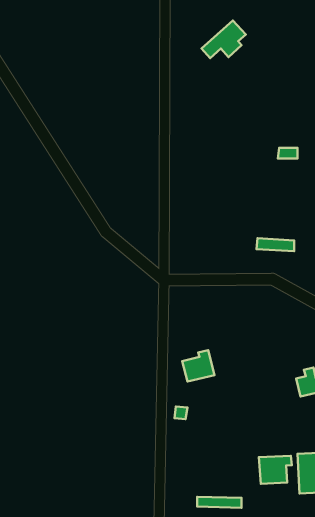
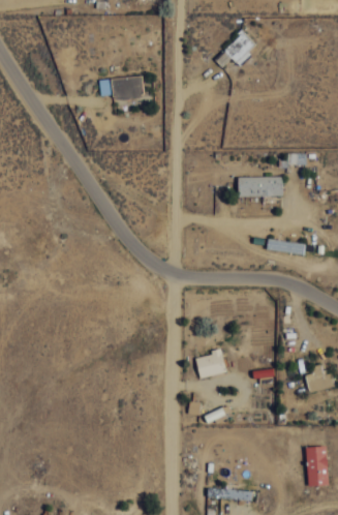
building: none -> [99,74,144,98]
building: none -> [238,176,283,196]
building: [259,456,292,484] -> none

